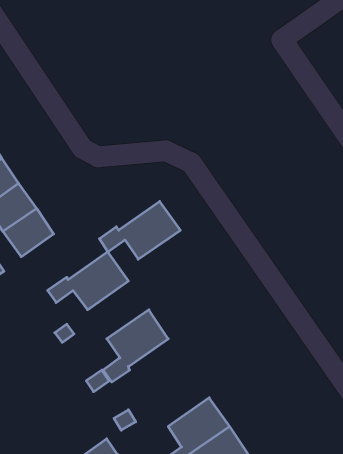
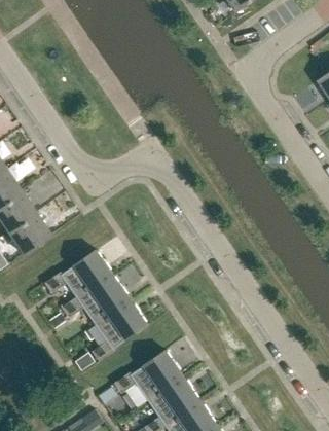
building: [99,201,180,259] -> [61,275,130,324]
building: none -> [113,350,181,399]

